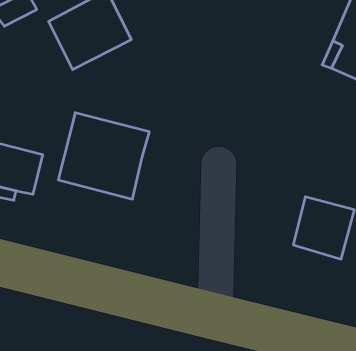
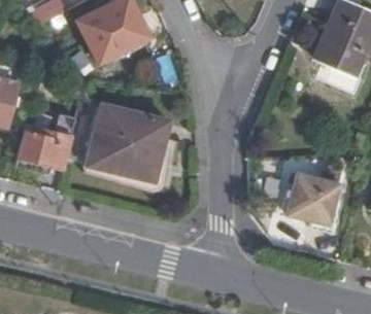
building: none -> [81,137,167,183]

